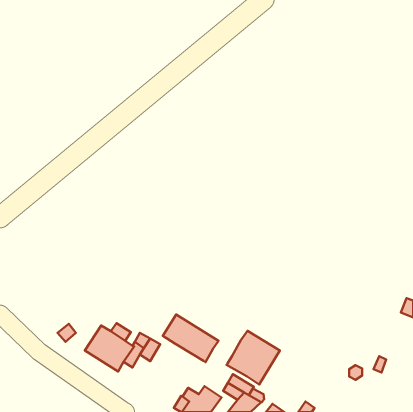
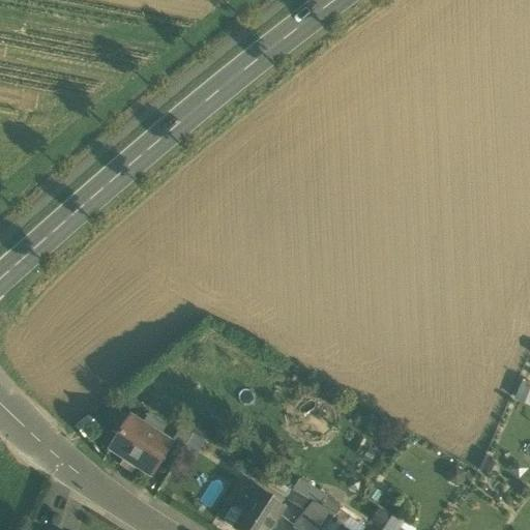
building: [163,314,219,362] -> none
building: [226,331,280,384] -> none

